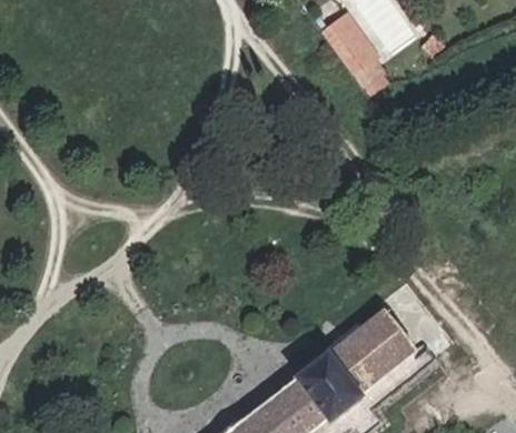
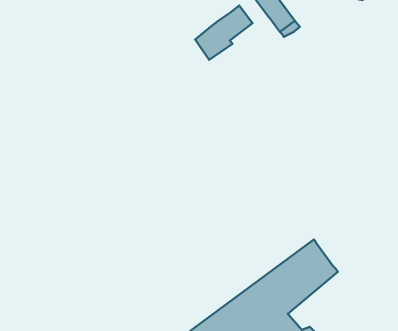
building: none -> [195,5,253,60]

